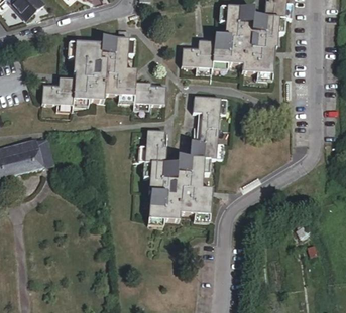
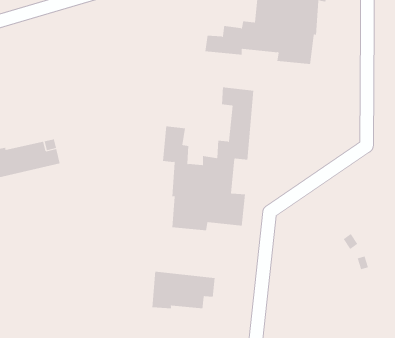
building: [35,29,161,105] -> none
building: none -> [152,271,215,309]

